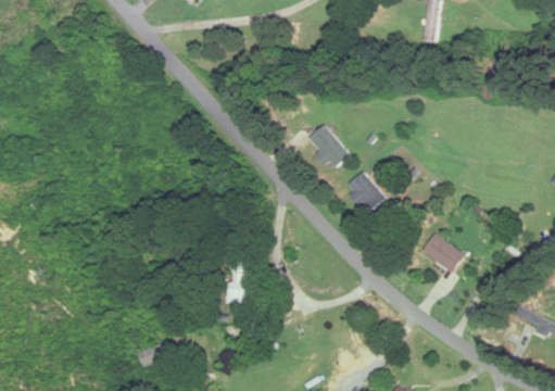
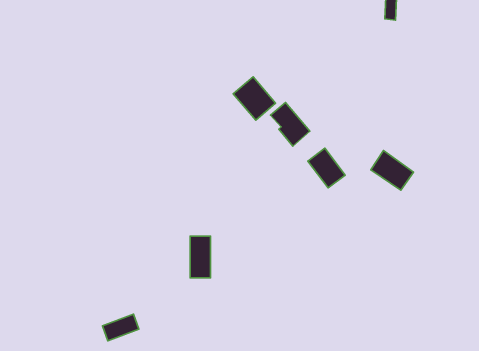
building: none -> [233,77,275,120]
building: [421,232,465,273] -> [371,151,414,190]

